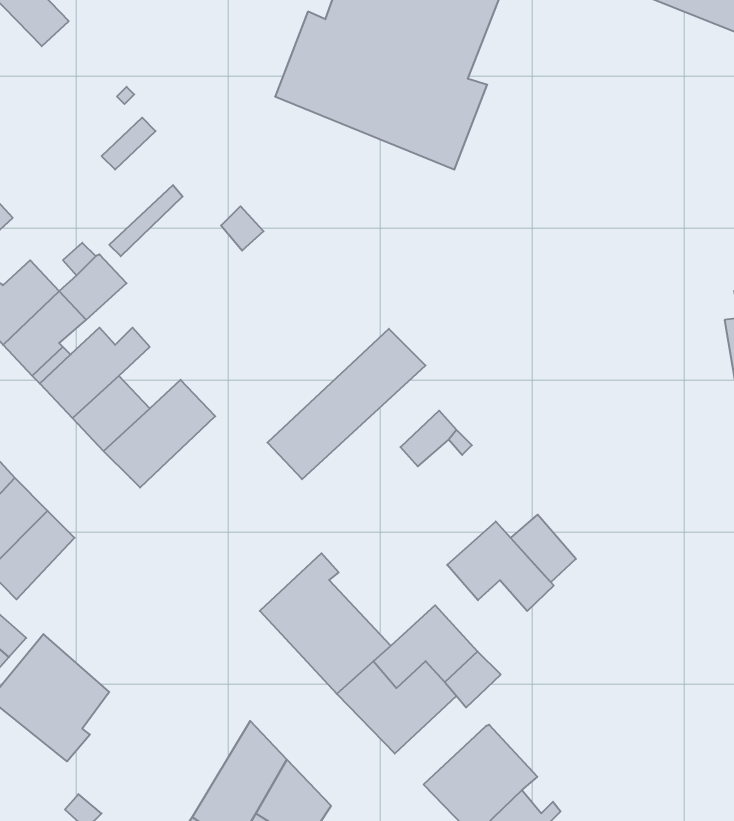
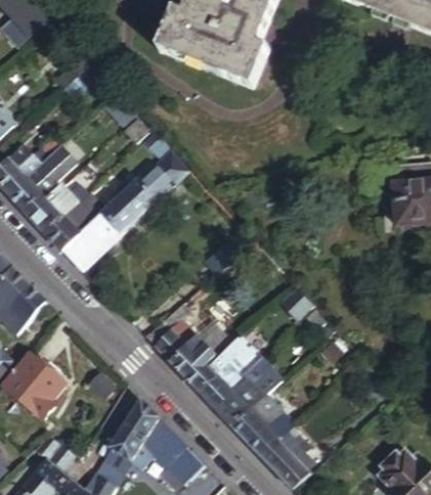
building: [267,329,426,479] -> [103,153,187,233]
building: [447,521,554,611] -> none
building: none -> [217,381,265,429]

